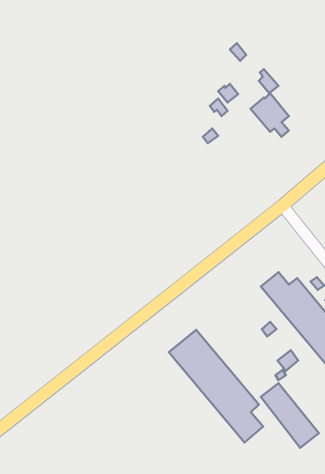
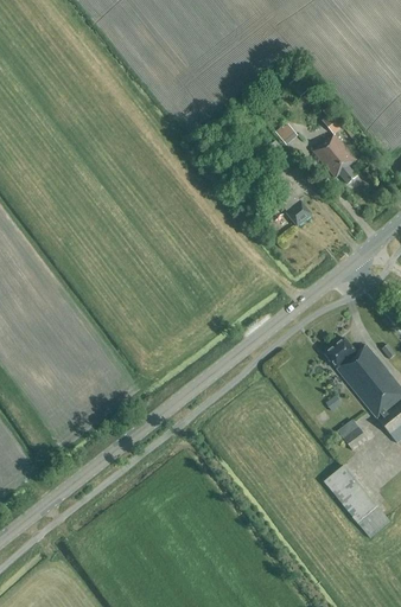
building: none -> [279,190,311,225]
building: [169,330,263,443] -> none

